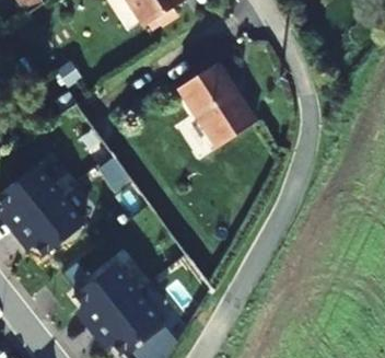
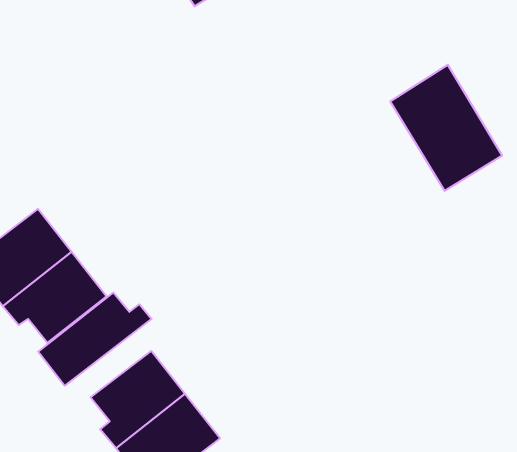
building: [180,62,257,149] -> [390,65,502,191]
building: none -> [38,293,152,386]

